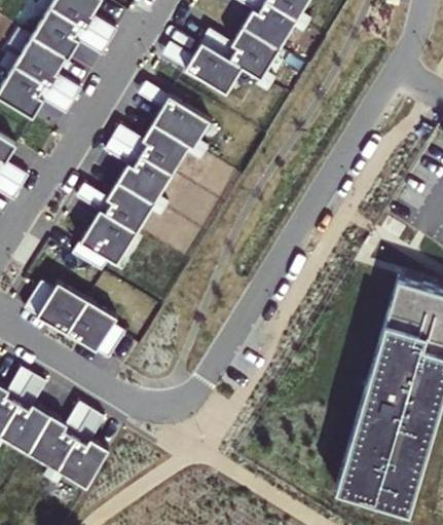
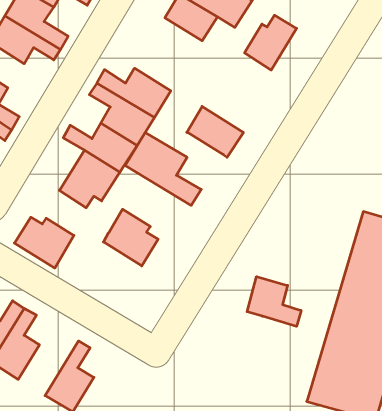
building: none -> [245,15,297,70]
building: [152,93,213,148] -> [187,106,243,157]
building: none -> [125,133,201,205]
building: [67,300,125,361] -> [103,209,158,266]
building: none -> [247,277,301,326]
building: [28,404,93,472] -> none

